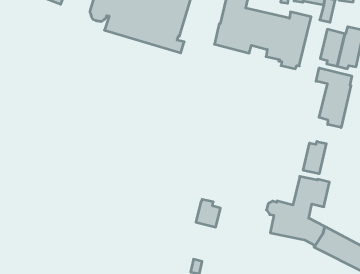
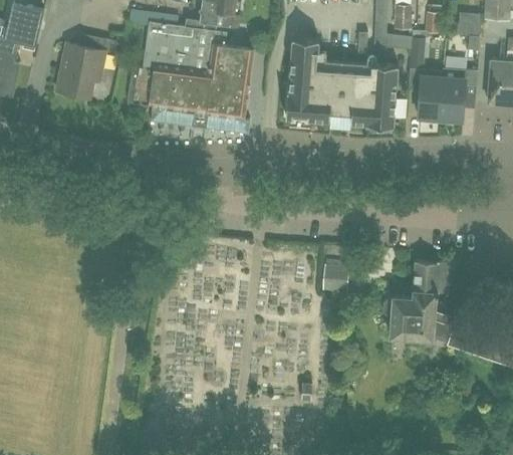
building: [316,68,352,128] -> none
building: [303,141,326,174] -> none
building: [196,199,220,227] -> [323,259,350,290]

